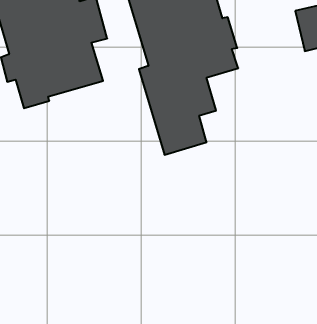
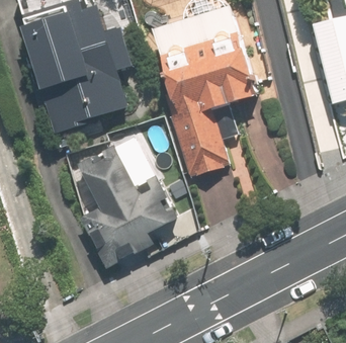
building: none -> [77,144,177,266]

